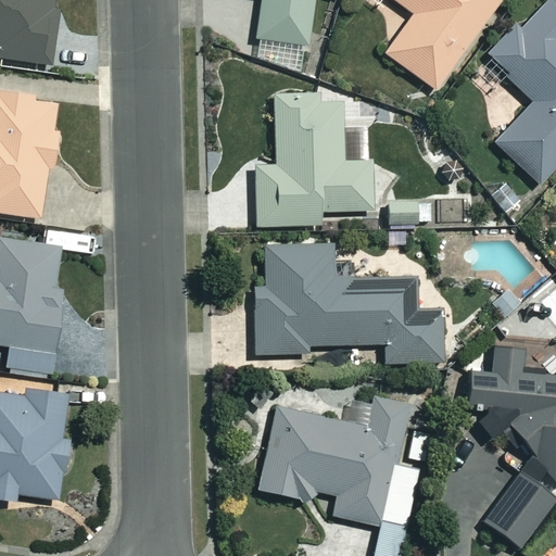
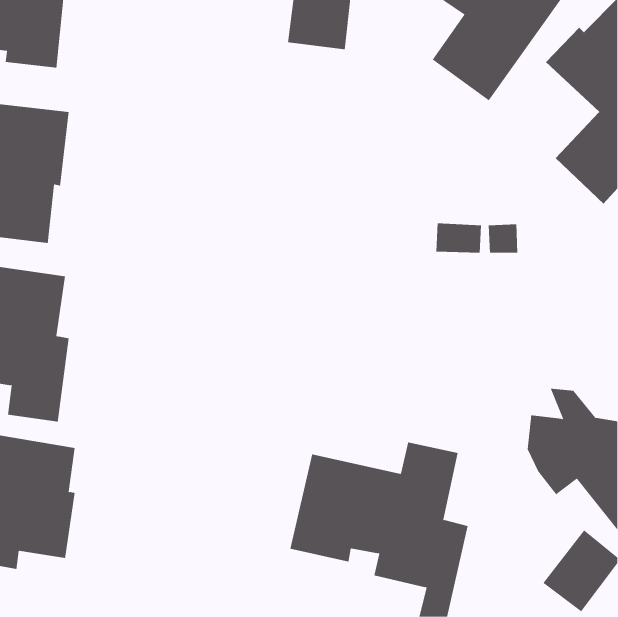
building: [256,93,371,225] -> none
building: [254,243,443,363] -> none

